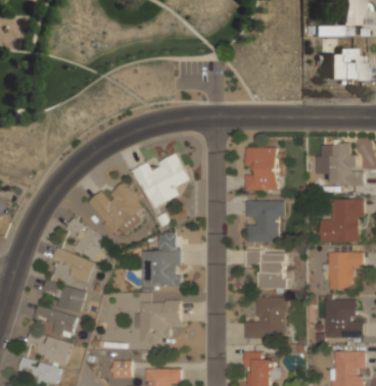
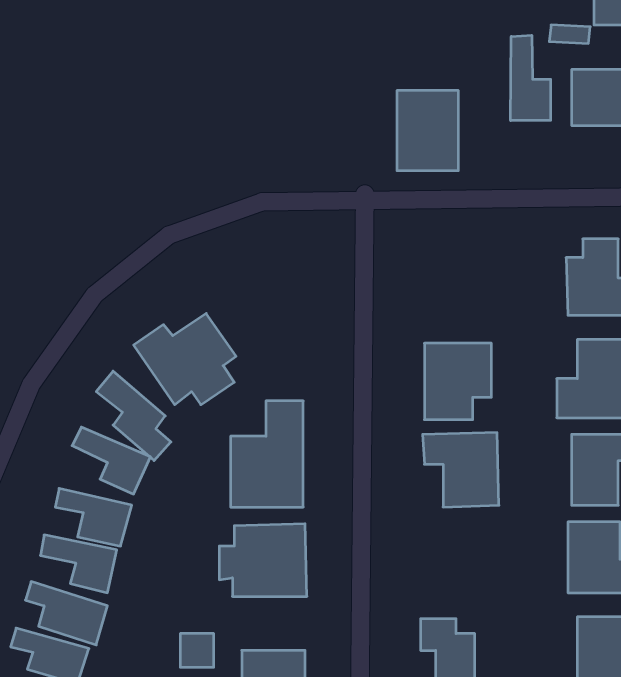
building: none -> [511,35,551,121]
building: [244,146,278,190] -> [397,91,458,171]
building: [133,153,190,208] -> none
building: [244,297,286,338] -> none

